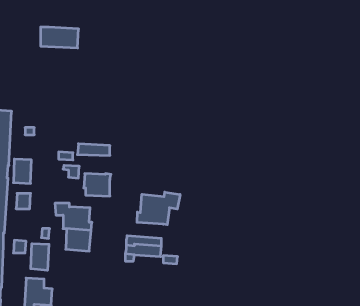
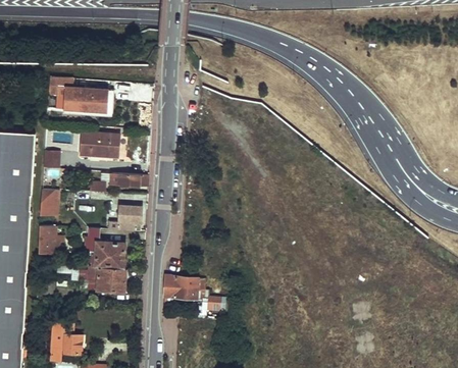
building: [41,27,79,48] -> [63,88,106,111]
building: none -> [81,132,119,155]
building: [137,192,180,225] -> none
building: [31,244,49,270] -> none

